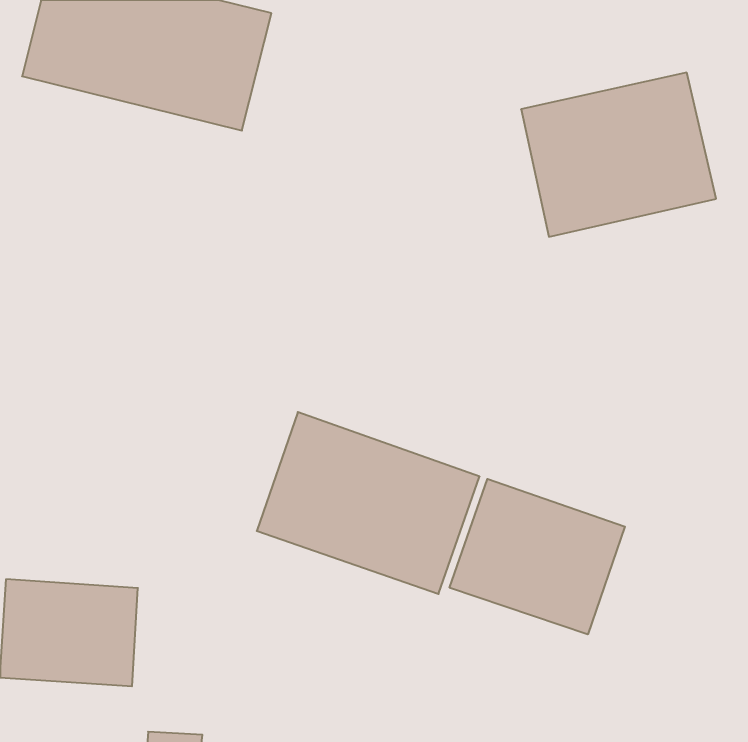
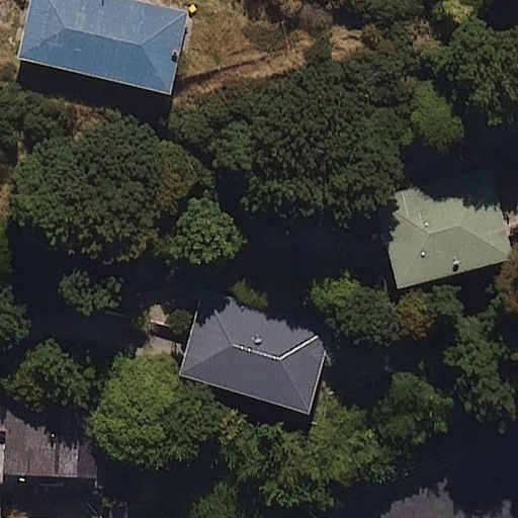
building: [521,73,716,237] -> [376,172,511,285]
building: [450,479,625,634] -> none

